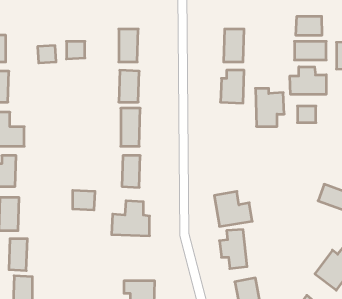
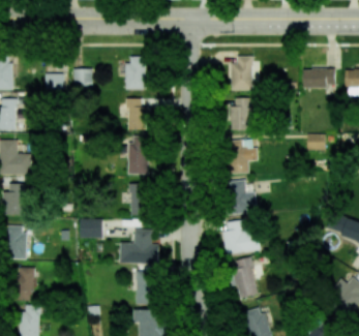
building: [296,16,322,35] -> none
building: [290,67,326,94] -> none
building: [255,88,284,126] -> [227,135,256,174]
building: none -> [228,181,256,215]
building: none -> [132,271,154,305]

